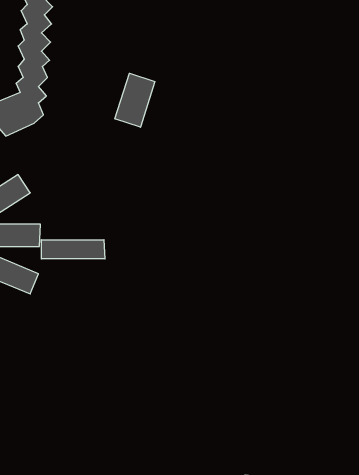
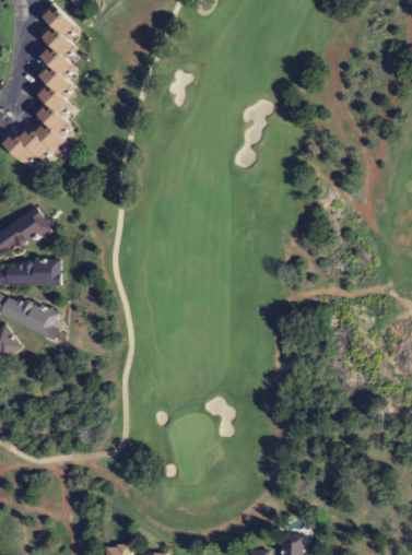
building: [115,73,155,127] -> none
building: [41,240,105,259] -> none

